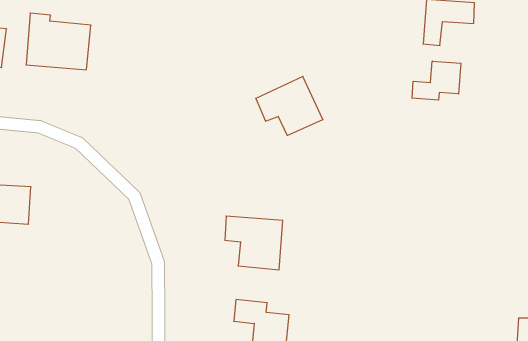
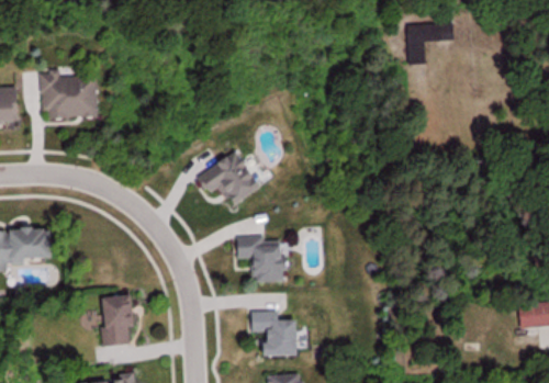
building: [412,61,461,100] -> none
building: [256,76,323,135] -> [199,150,261,205]
building: none -> [97,296,137,347]

